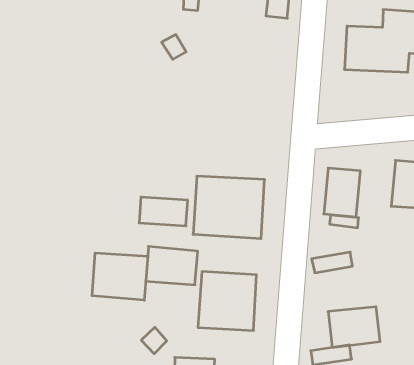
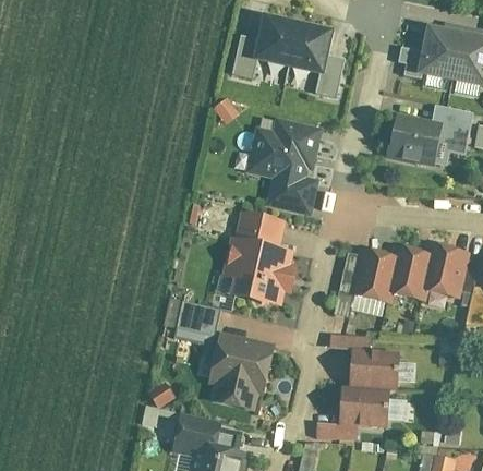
building: none -> [247,116,326,209]
building: none -> [382,251,424,303]
building: [139,197,188,226] -> [232,213,283,247]
building: [92,253,148,300] -> none
building: none -> [348,357,397,394]

